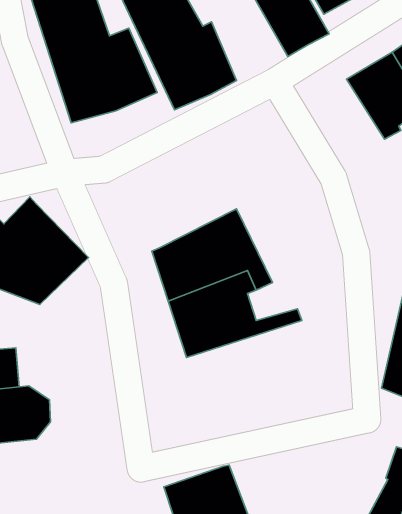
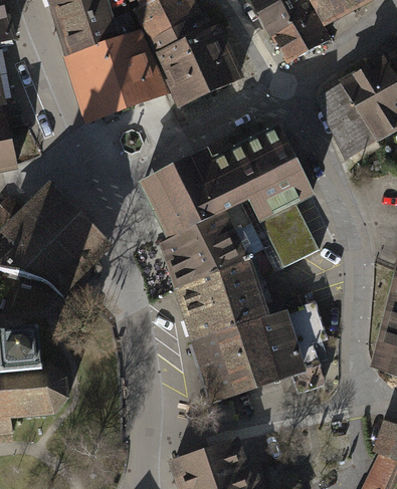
building: none -> [322,82,377,154]
building: none -> [141,128,318,266]
building: none -> [194,300,326,399]

